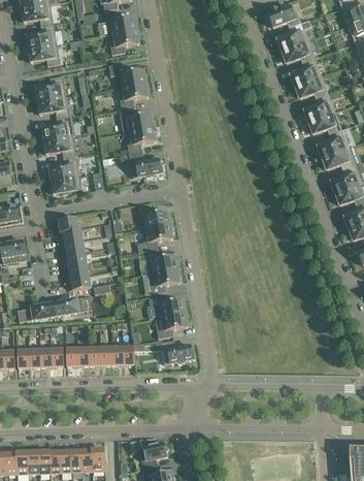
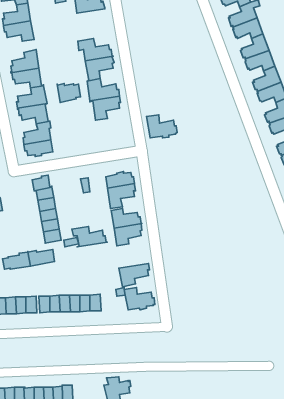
building: [108,28,140,53] -> none
building: none -> [57,83,80,103]
building: [129,150,163,175] -> [147,115,177,138]
building: [148,293,188,316] -> [72,226,107,247]

